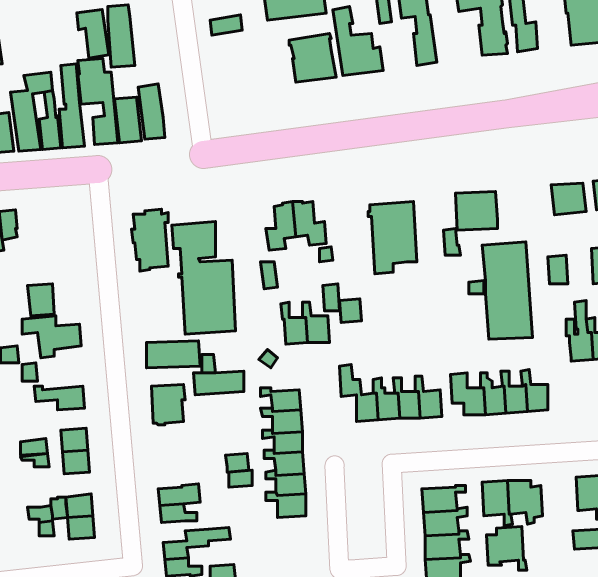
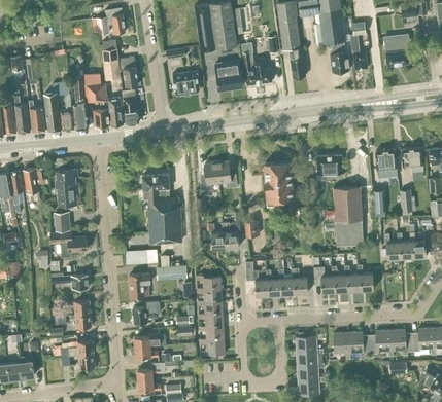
building: [77,10,109,58] -> [118,57,138,86]
building: none -> [172,70,200,95]
building: [131,209,168,271] -> [55,169,77,207]
building: none -> [132,301,161,324]
building: [486,527,527,570] -> [369,330,394,357]

